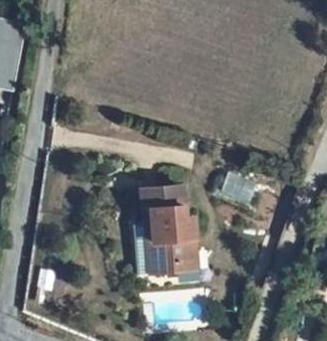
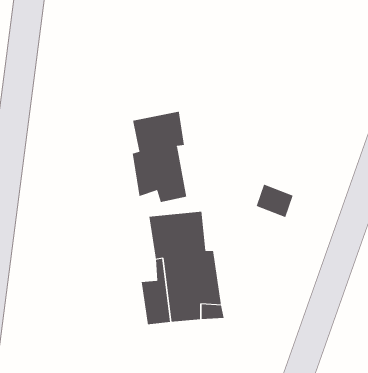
building: none -> [132,111,187,203]

